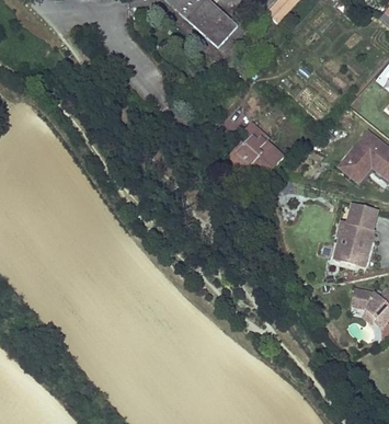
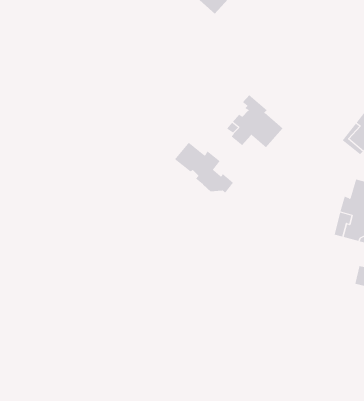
building: none -> [174,142,234,194]

